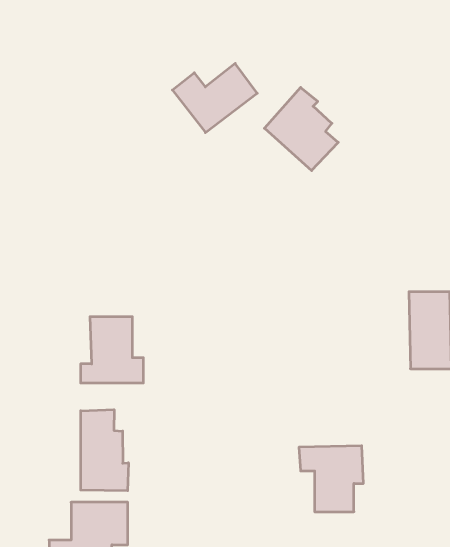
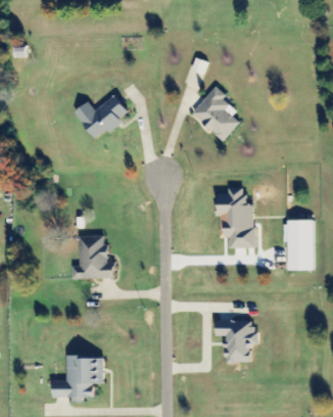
building: [172,63,257,133] -> [73,94,128,139]
building: none -> [216,186,254,247]
building: [81,410,128,491] -> none

